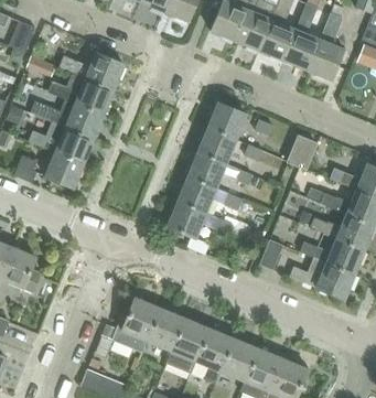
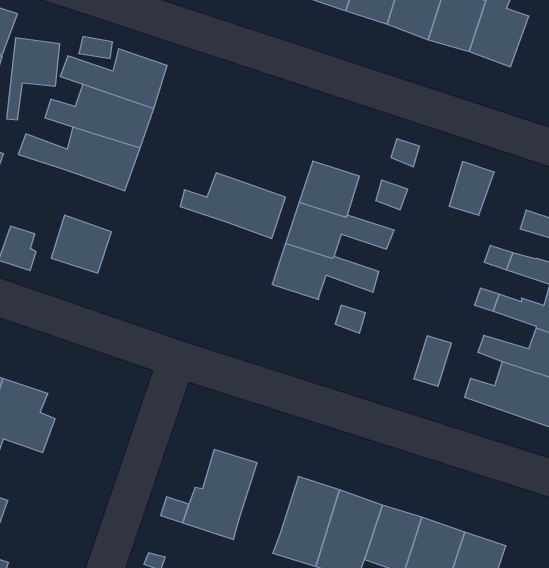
building: [207,104,246,140] -> none
building: [29,121,93,163] -> [180,173,285,238]
building: [166,202,205,239] -> none
building: [148,309,185,352] -> none

